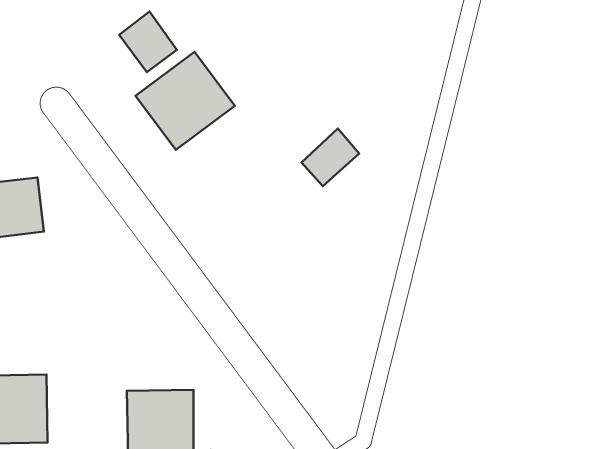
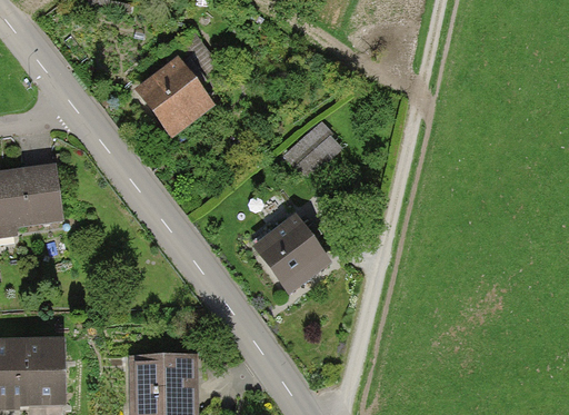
building: [119,11,177,72] -> none
building: none -> [257,209,348,296]

